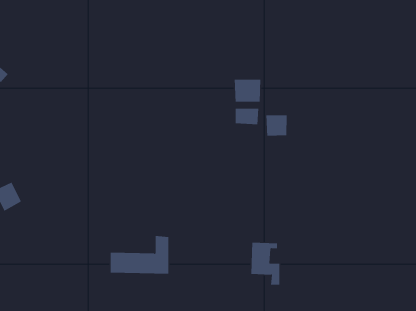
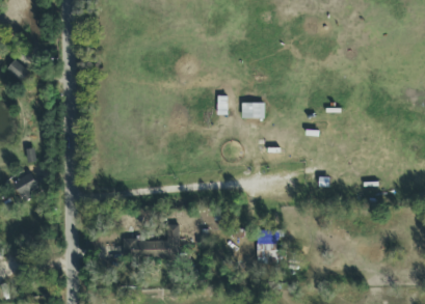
building: [234,79,261,103] -> none
building: [266,114,287,136] -> none

